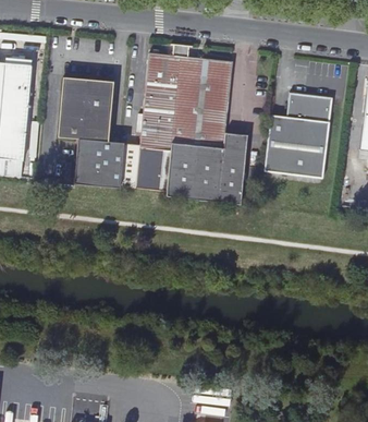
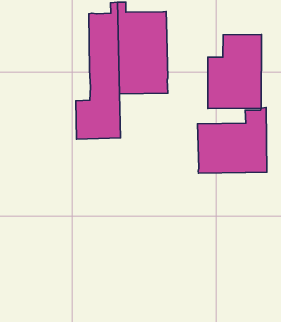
building: [57,79,122,190] -> none
building: [167,135,248,205] -> [198,108,267,173]

